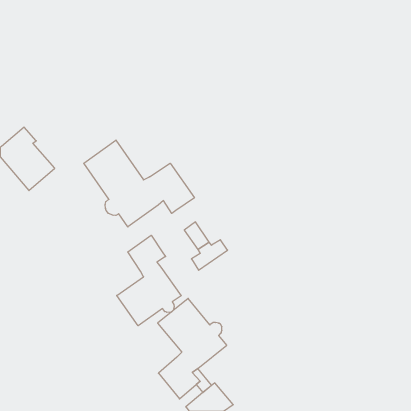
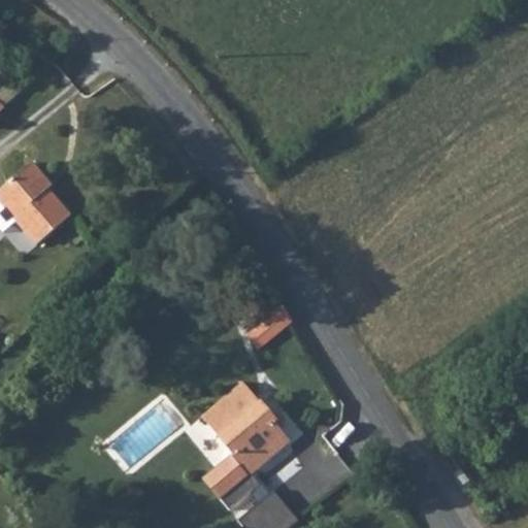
building: [84,140,194,227] -> none
building: [117,235,181,326] -> none

